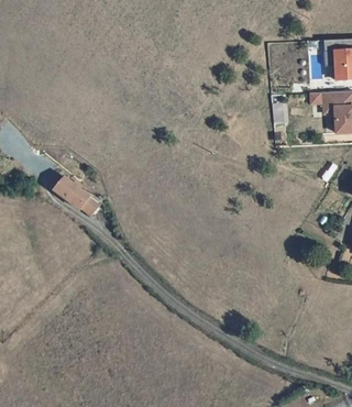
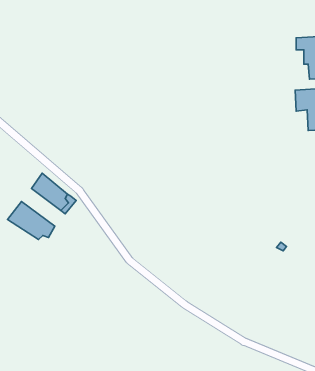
building: none -> [8,201,55,240]

